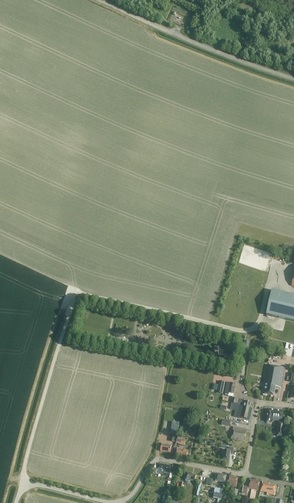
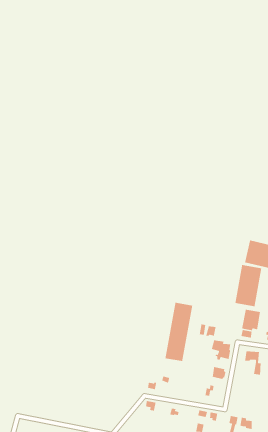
building: none -> [234,264,262,307]
building: none -> [165,302,193,362]

